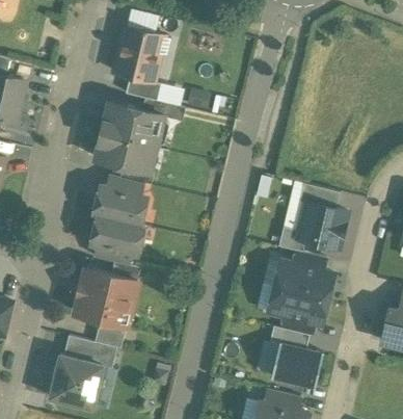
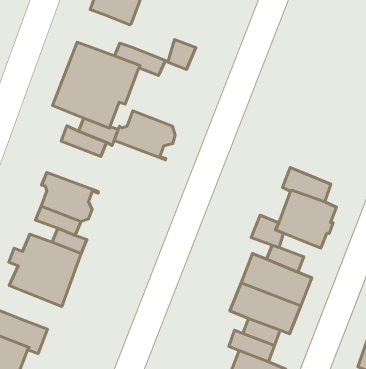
building: [125,76,159,100] -> none
building: [93,187,144,225] -> [114,111,175,160]
building: [93,320,126,348] -> none

